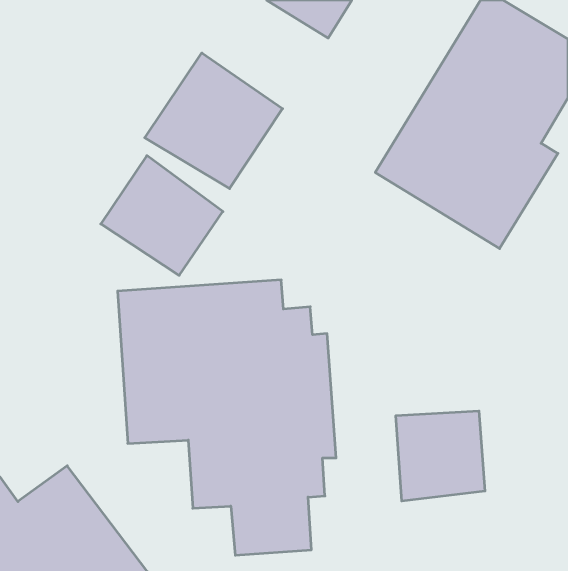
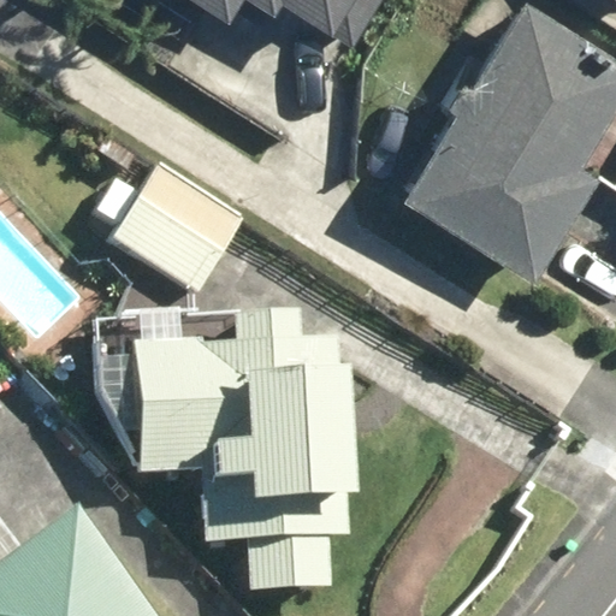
building: [145,53,283,189] -> none
building: [396,411,485,501] -> none

